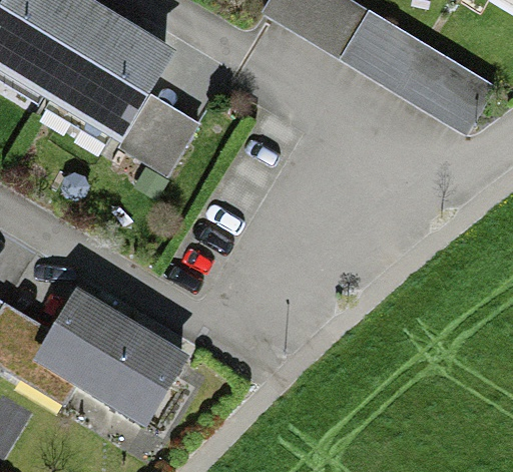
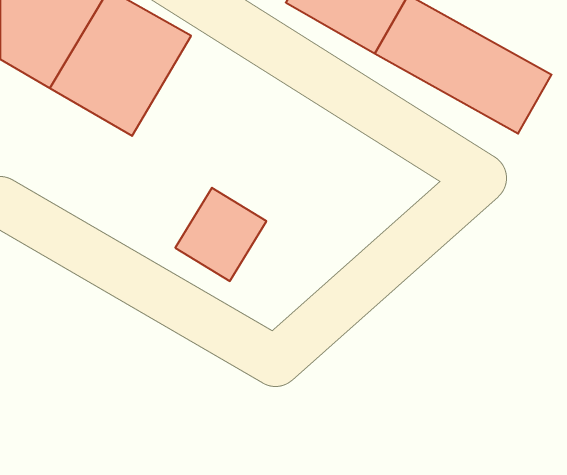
building: [119,97,201,181] -> [175,188,266,281]
building: [33,288,188,424] -> none

